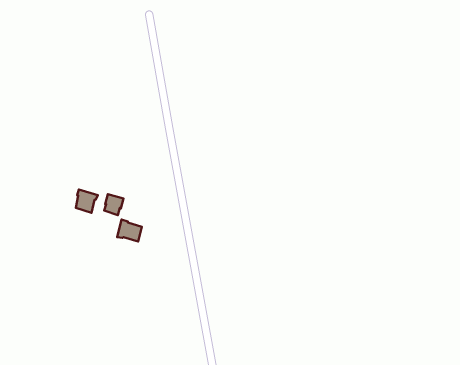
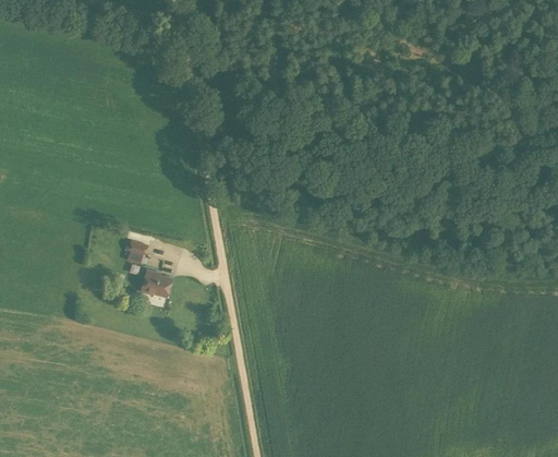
building: [76,190,98,213] -> none

